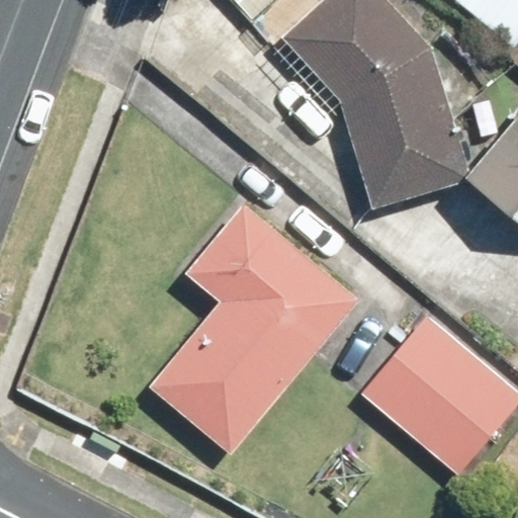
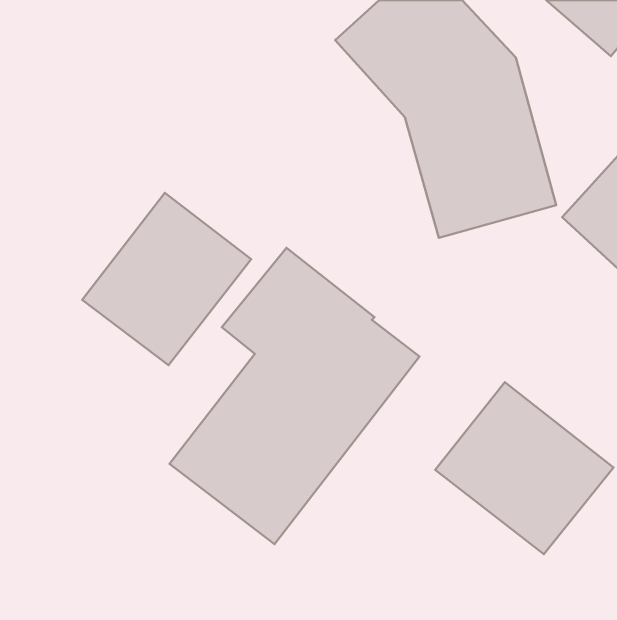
building: none -> [82,193,251,365]

